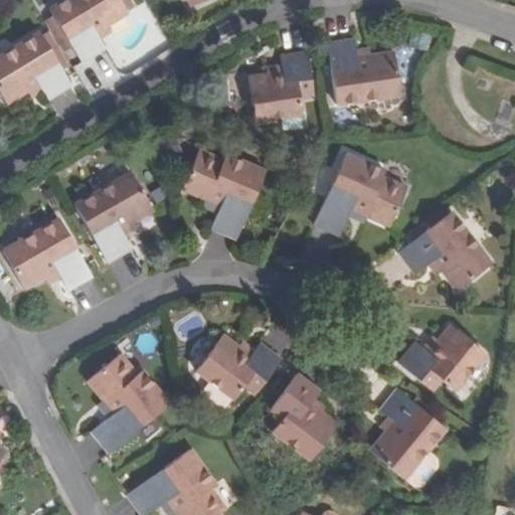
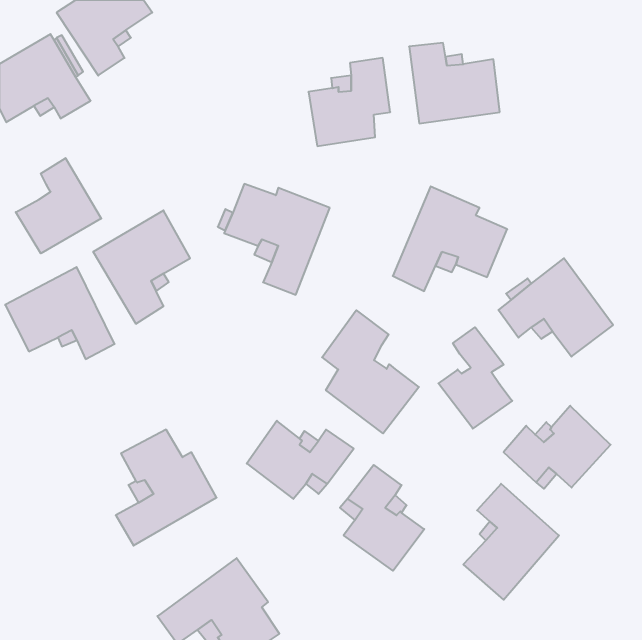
building: none -> [16,158,101,253]
building: none -> [322,310,419,433]
building: none -> [438,327,512,429]

